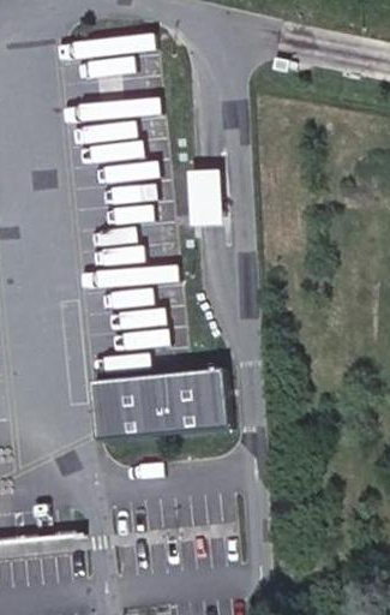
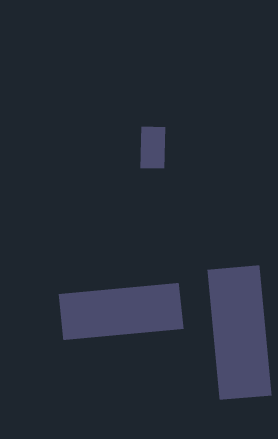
building: none -> [207,264,272,401]

